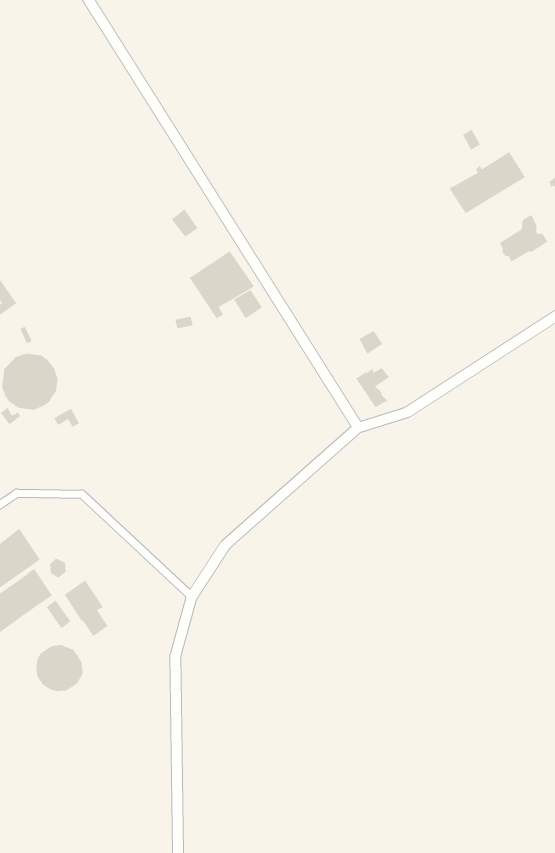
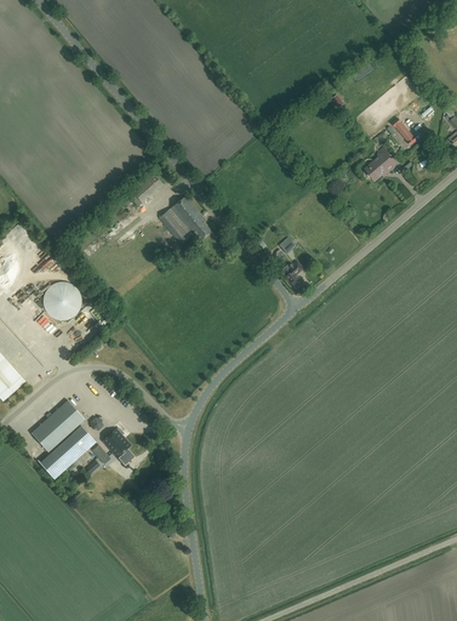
building: [449,151,526,214] -> none
building: [36,644,83,692] -> none

